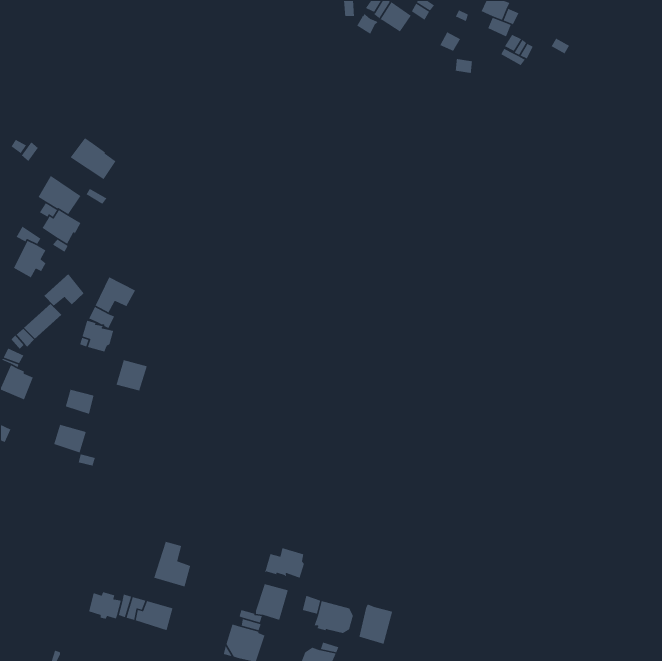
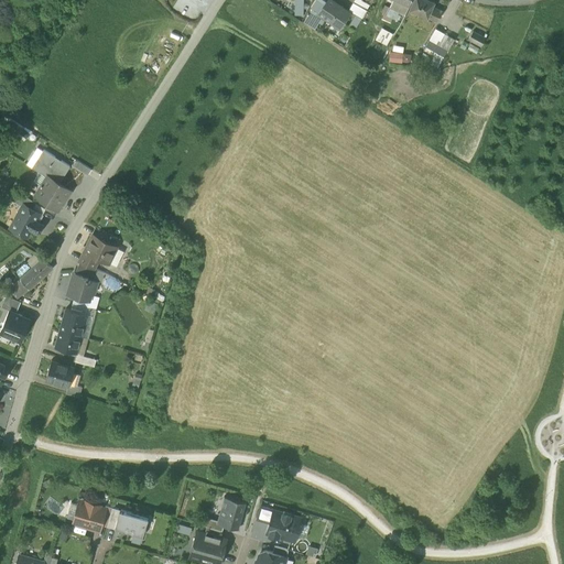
building: [70,137,117,180] -> none
building: [44,273,85,307] -> none
building: [115,359,148,392] -> [59,310,87,337]
building: [153,541,191,587] -> none
building: [264,547,305,579] -> none
building: [358,603,393,645] -> none

